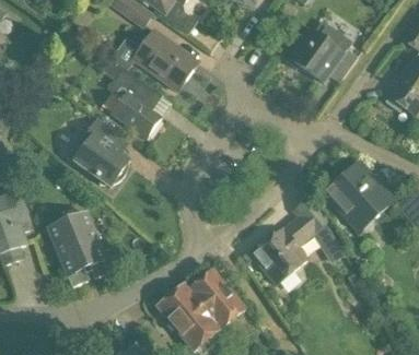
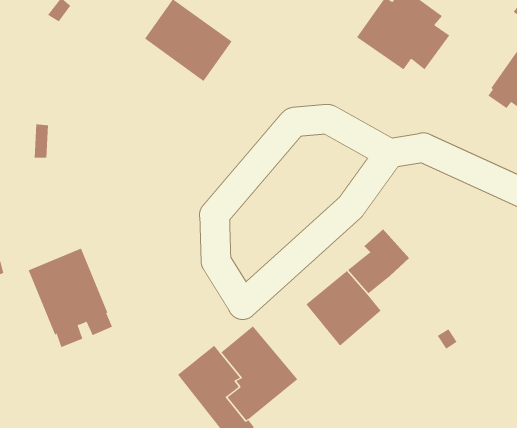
building: [102,58,161,138] -> none
building: [71,119,129,187] -> none
building: [324,162,392,230] -> none

